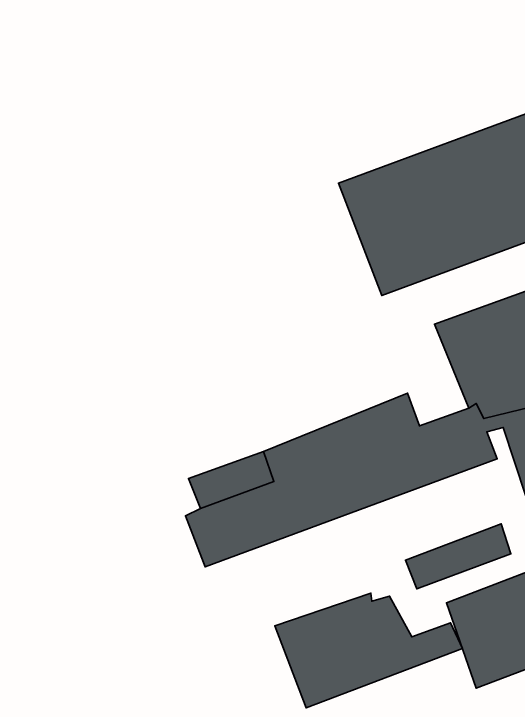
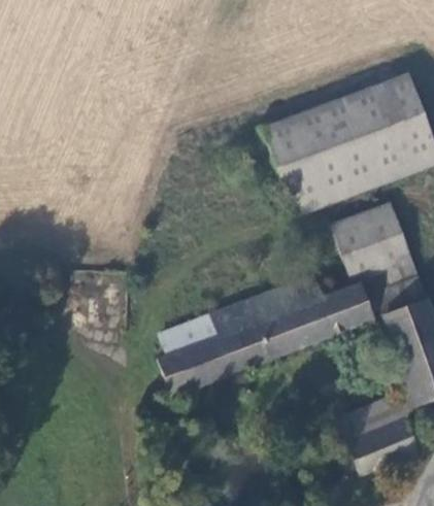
building: [406,524,511,589] -> none
building: [275,593,462,708] -> none

